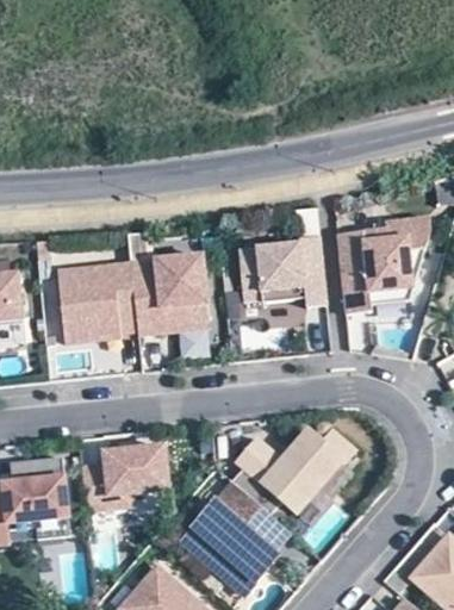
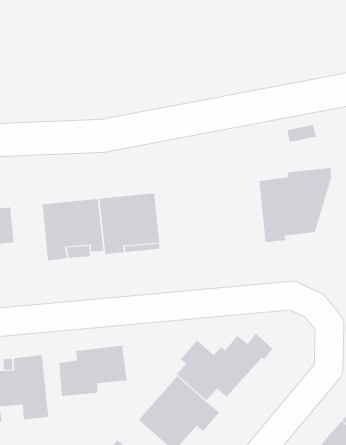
building: [237,234,325,304] -> none

